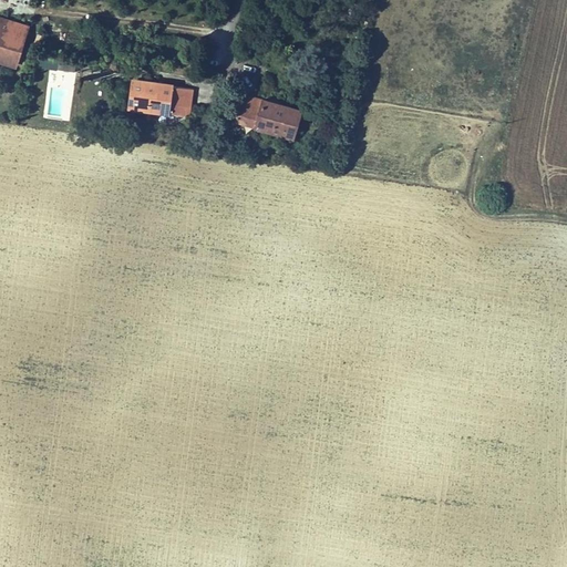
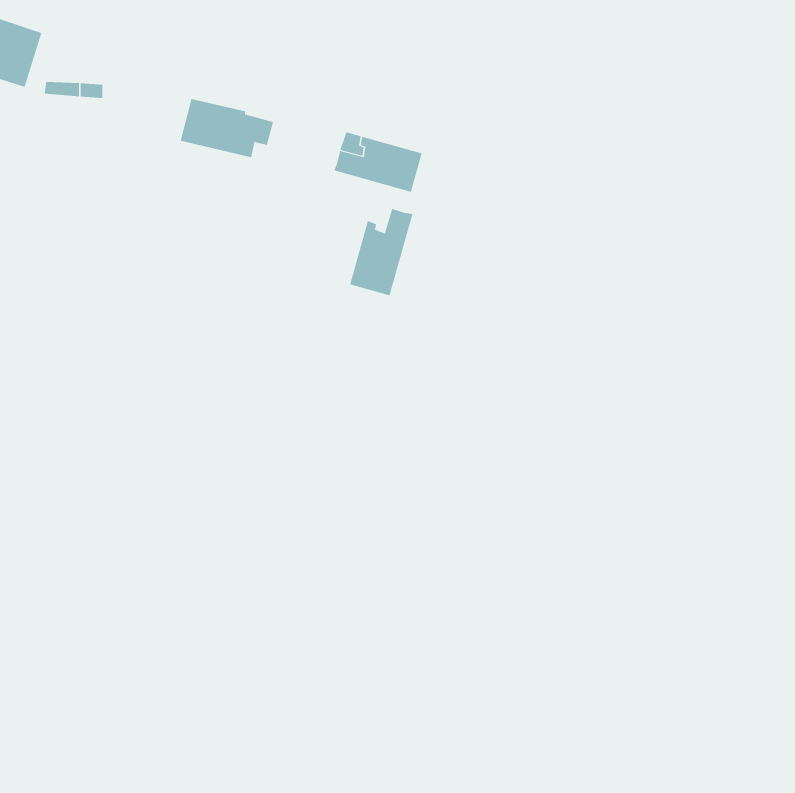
building: none -> [350,208,413,296]

